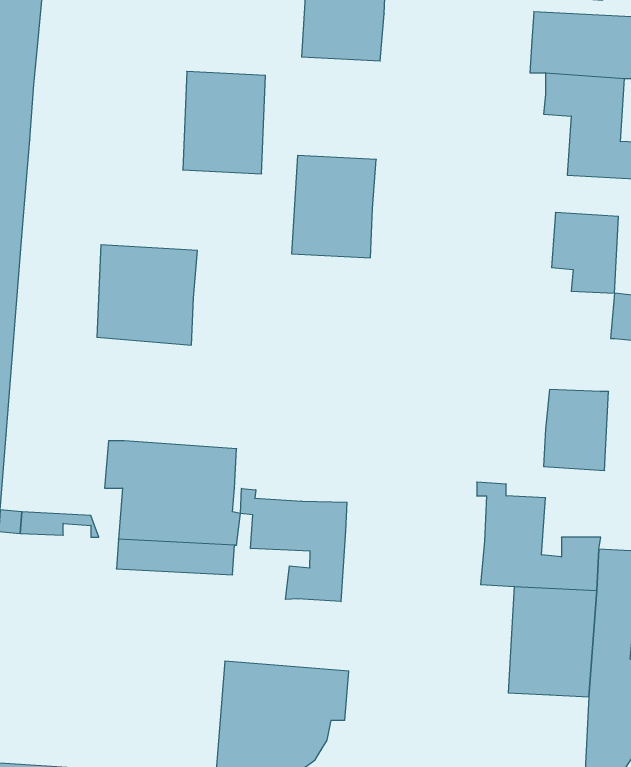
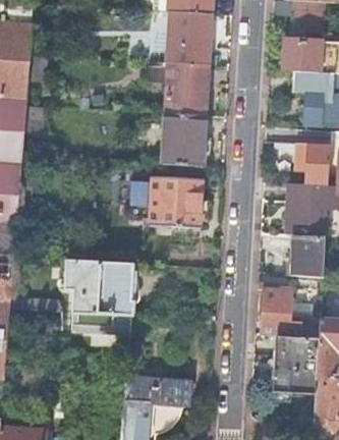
building: [183,71,265,174] -> [165,61,208,114]
building: [97,245,197,345] -> [151,175,203,227]
building: none -> [287,182,329,234]
building: [240,488,347,602] -> none

